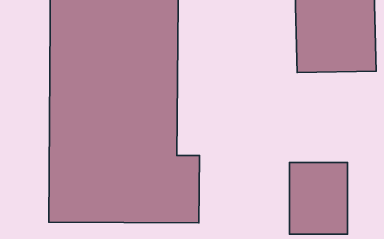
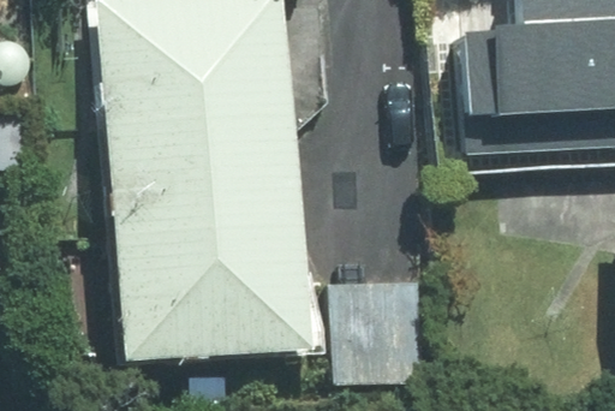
building: [290,163,348,234] -> [336,276,423,383]

